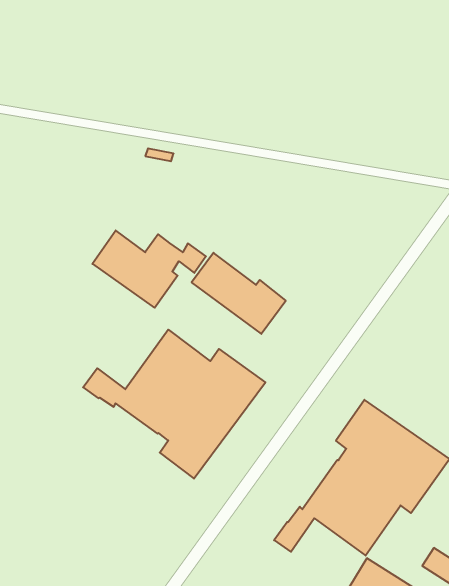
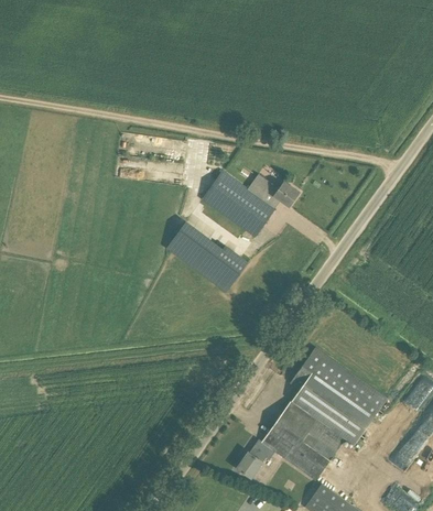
building: [92,230,206,308] -> [203,171,300,237]
building: [83,330,265,479] -> none

